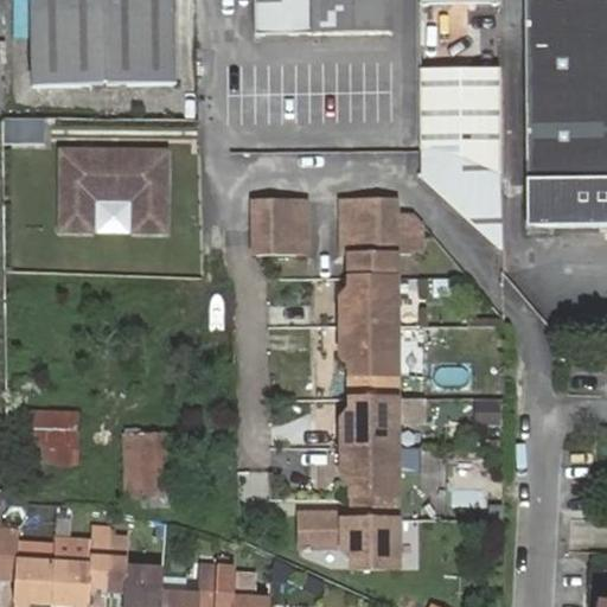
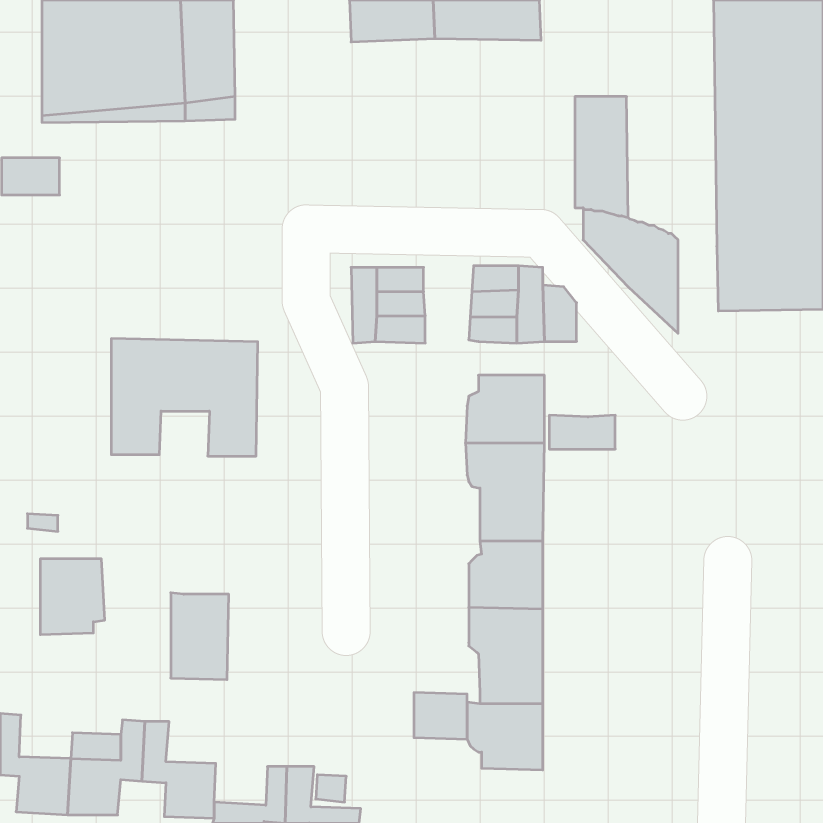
building: [461,70,499,177] -> none
building: [59,146,167,232] -> [111,339,258,456]
building: [352,251,401,276] -> [549,415,615,449]

